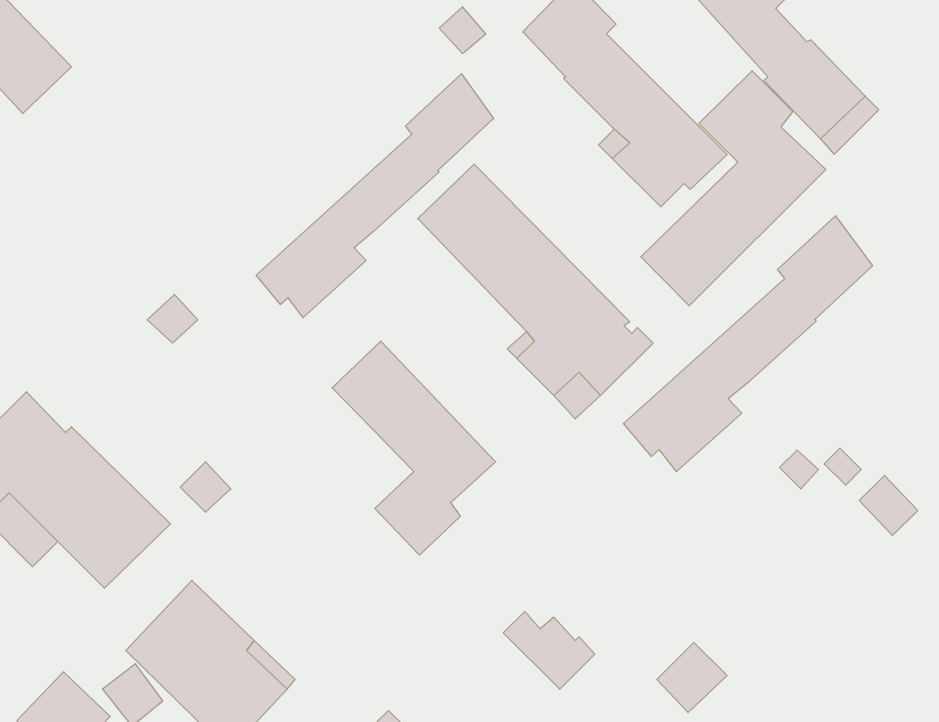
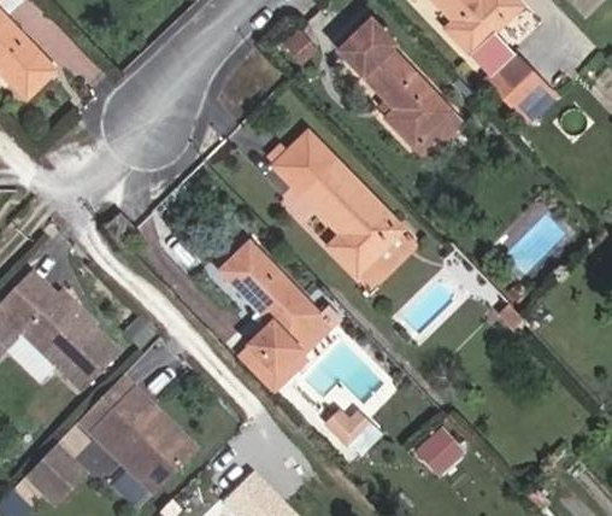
building: [641,71,826,306] -> none
building: [256,74,494,318] -> none
building: [623,216,873,472] -> none
building: none -> [234,305,340,393]

